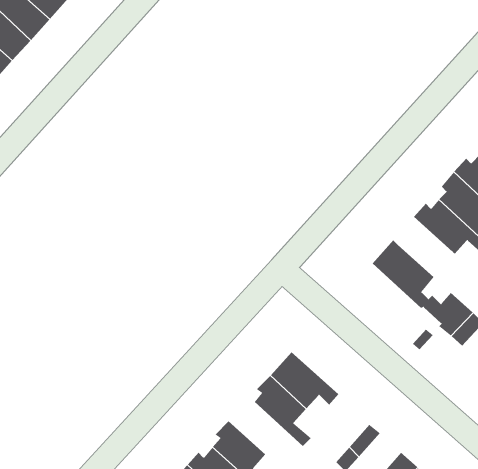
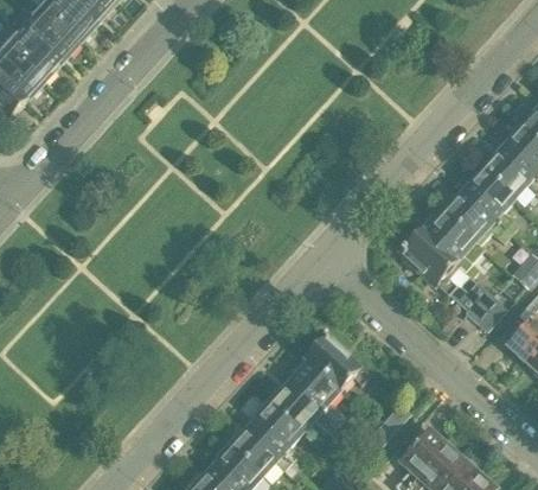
building: none -> [425,208,483,275]
building: none -> [265,382,335,432]

